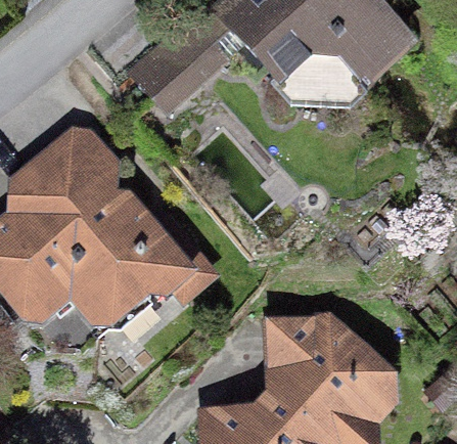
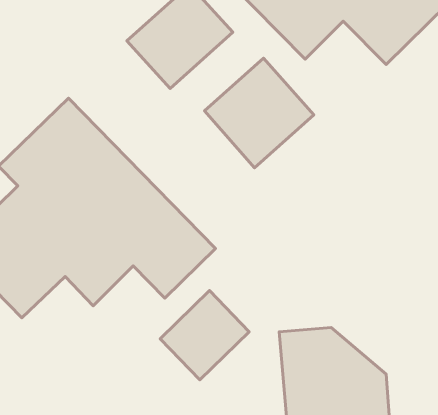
building: none -> [204,58,314,168]
building: none -> [160,291,249,380]

